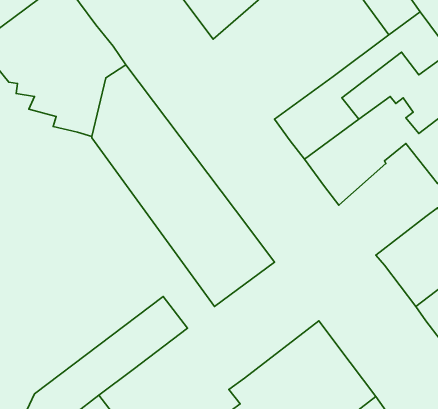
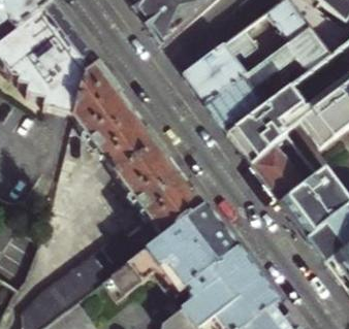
building: none -> [183,26,258,101]
building: none -> [252,133,315,199]
building: none -> [103,204,237,299]

